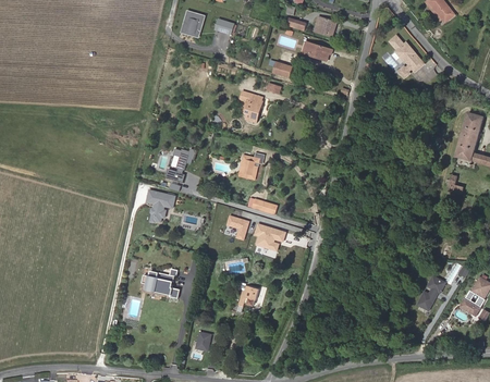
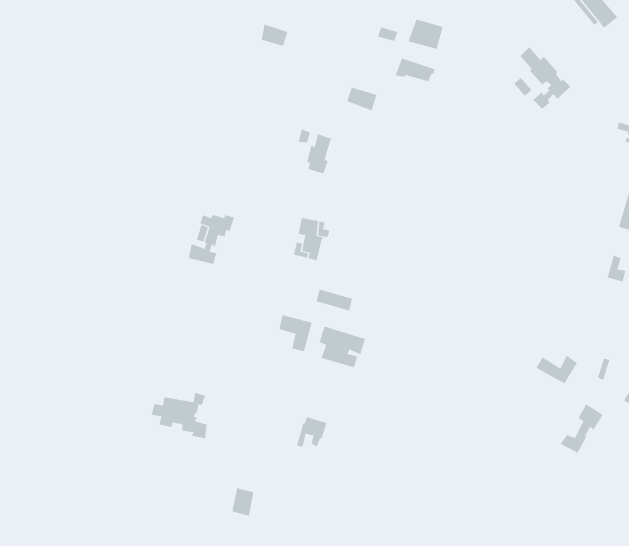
building: [180,10,205,37] -> none
building: [144,188,173,220] -> none

